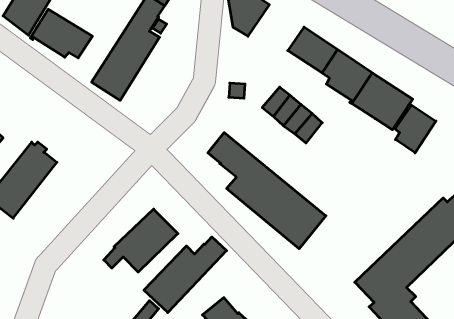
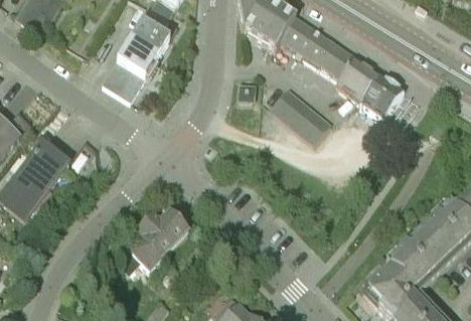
building: none -> [258,6,313,51]
building: [30,9,92,58] -> none
building: [395,104,436,153] -> none
building: [208,133,326,249] -> none
building: [144,237,227,313] -> none

